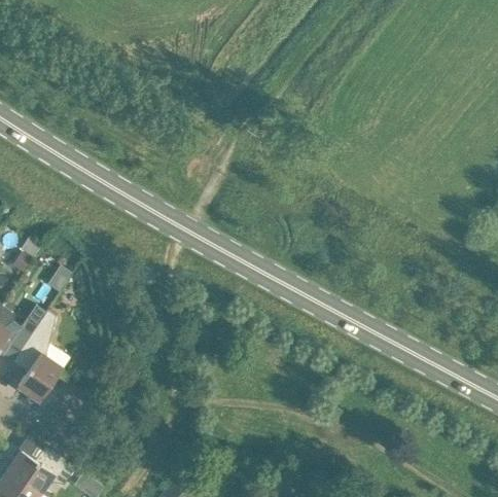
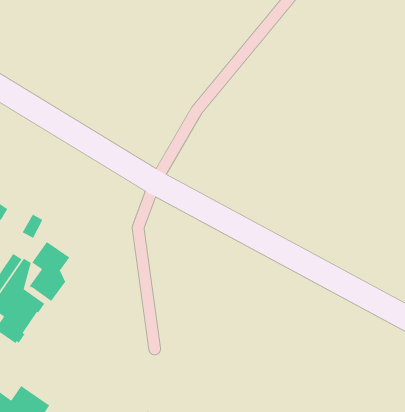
building: none -> [29,241,70,302]

